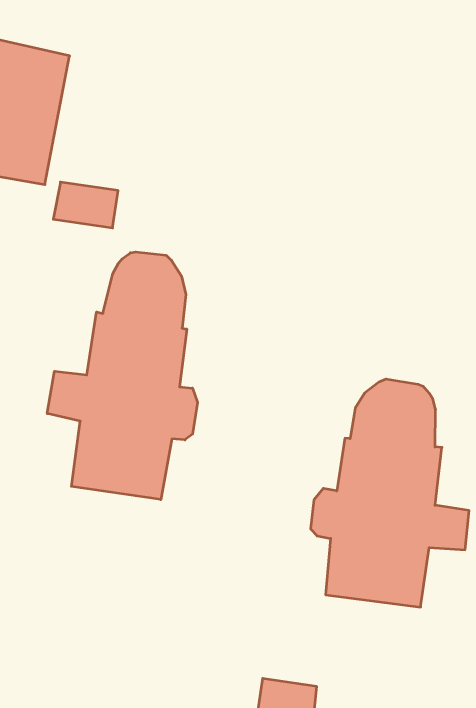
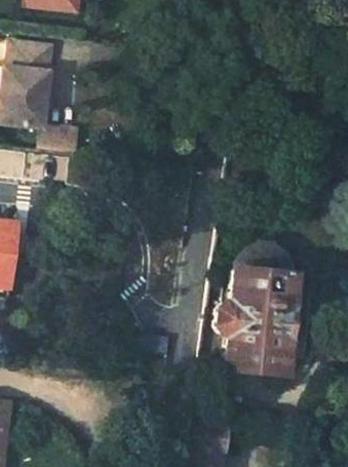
building: [47,252,198,500] -> none

